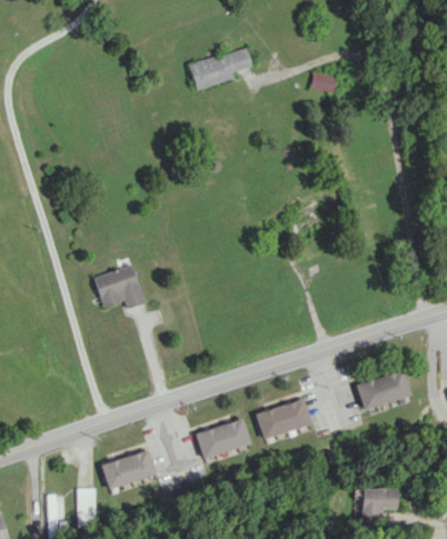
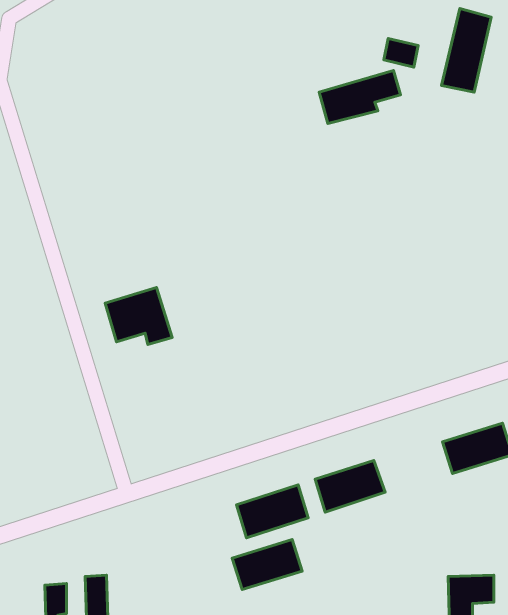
building: [189,48,252,89] -> [319,71,401,124]
building: none -> [441,8,491,92]
building: [101,450,156,489] -> [232,540,302,590]

